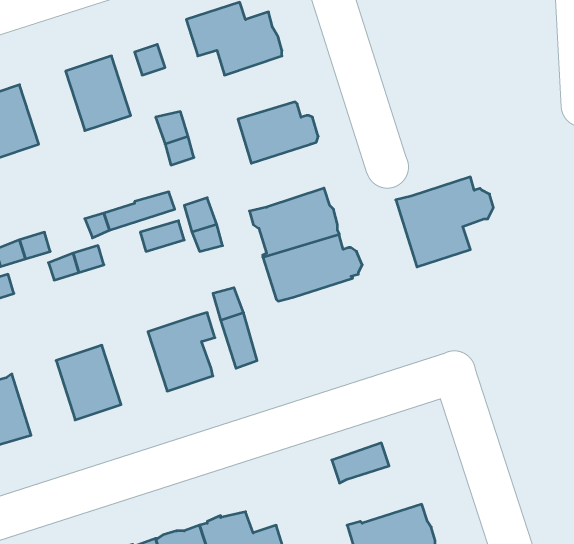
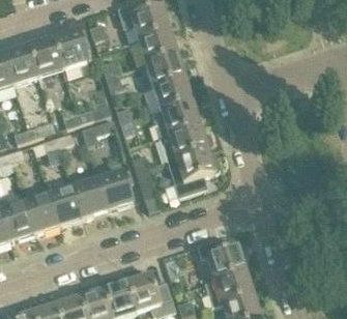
building: none -> [138,32,176,66]
building: none -> [27,40,62,80]
building: none -> [152,80,192,114]
building: [396,177,493,267] -> [167,152,220,201]
building: none -> [71,181,107,221]
building: none -> [23,197,57,237]
building: none -> [204,251,244,285]

